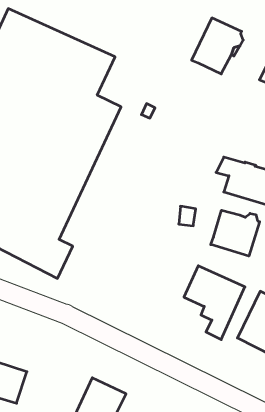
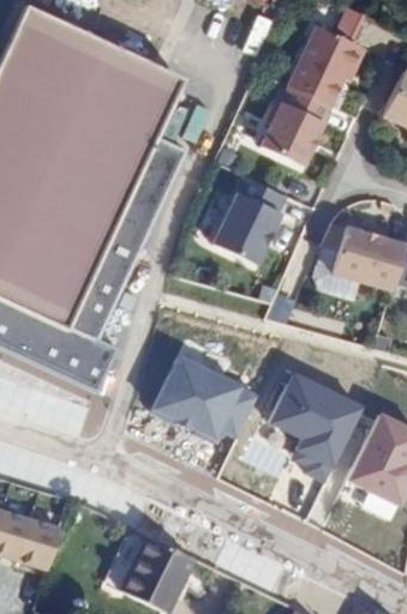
building: none -> [256,85,328,165]
building: none -> [211,176,285,265]
building: [211,210,260,256] -> none
building: none -> [160,359,257,438]

